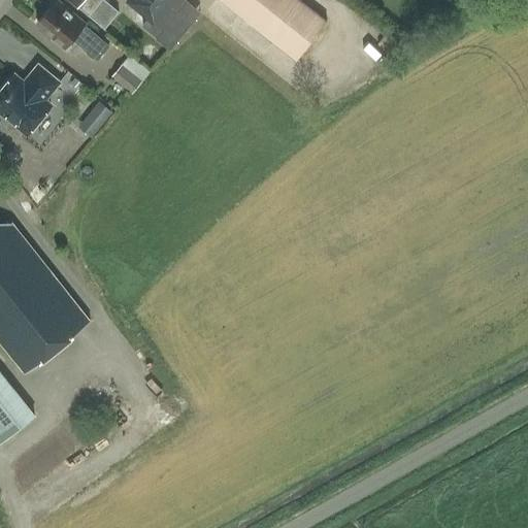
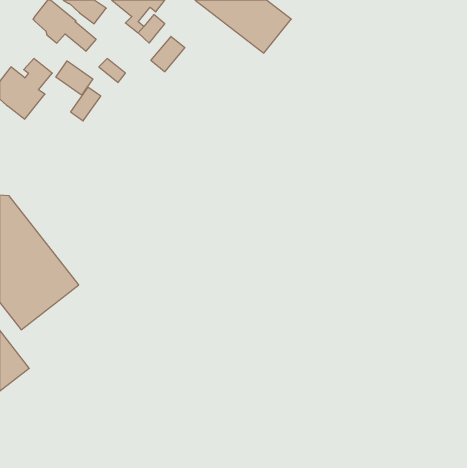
building: none -> [151,36,185,72]
building: none -> [56,61,93,95]

